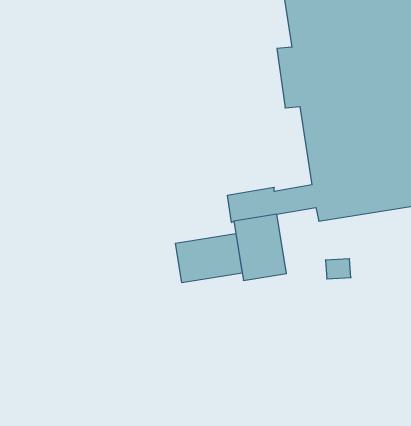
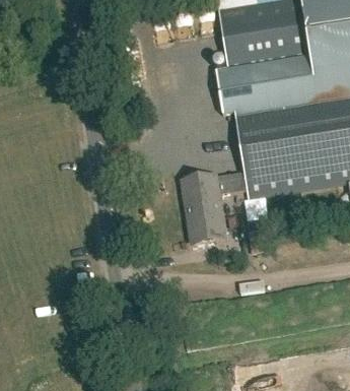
building: [176,234,242,283] -> none

